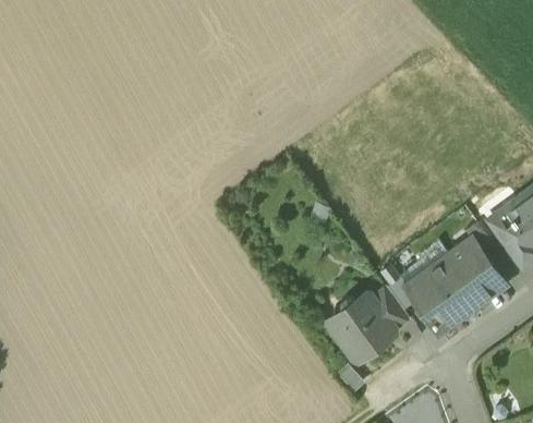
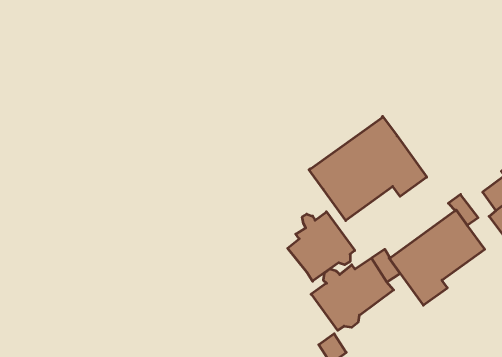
building: none -> [309,116,427,221]
building: none -> [288,212,355,281]

